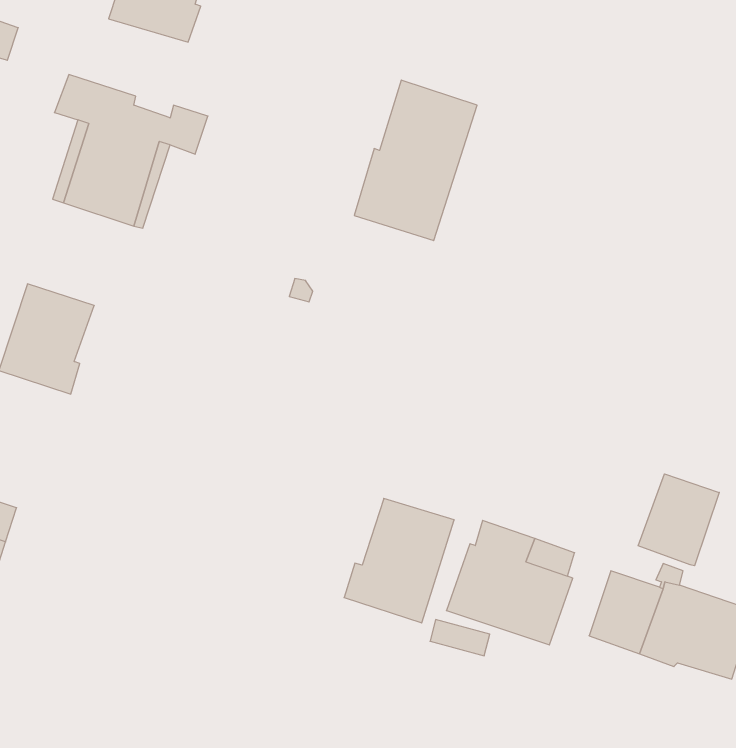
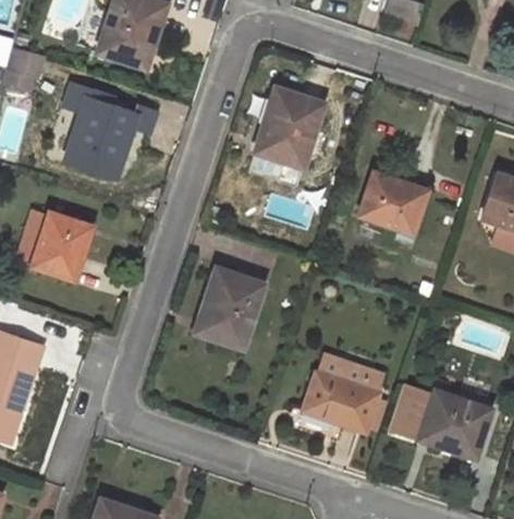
building: none -> [360,174,424,230]
building: [638,474,719,566] -> none
building: [344,498,454,623] -> [195,270,261,346]

